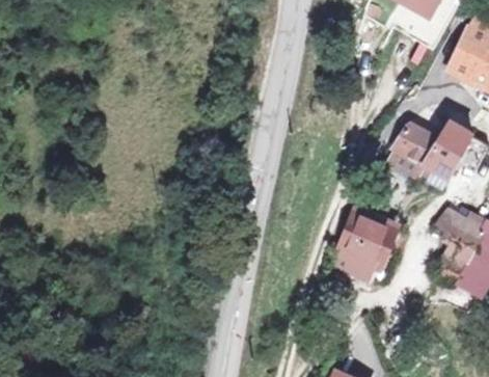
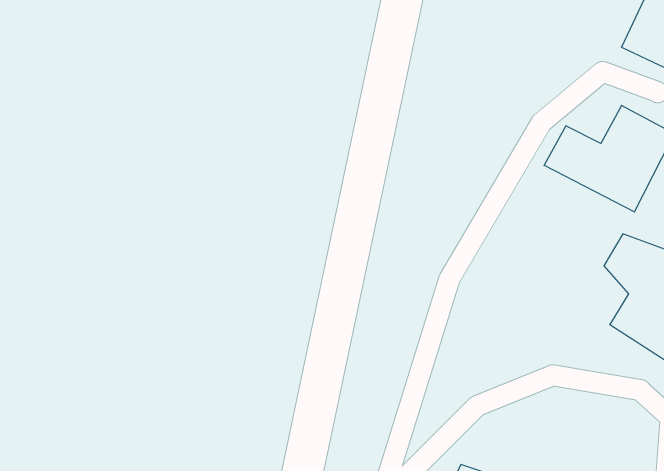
building: [330,205,397,279] -> none

